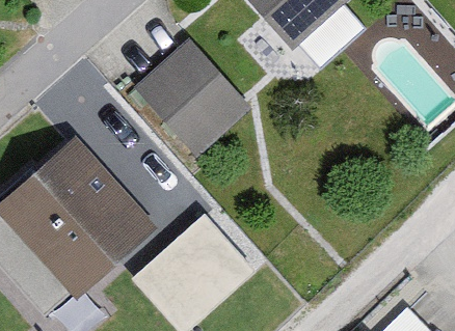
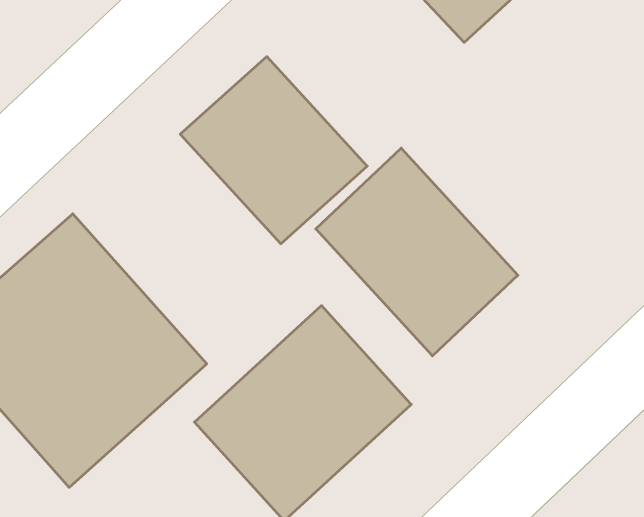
building: none -> [316,148,518,356]

